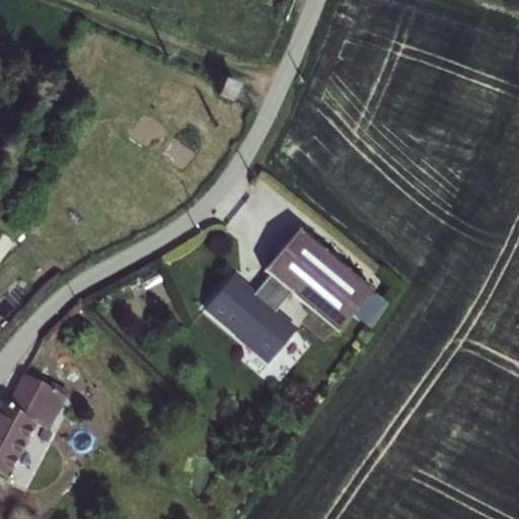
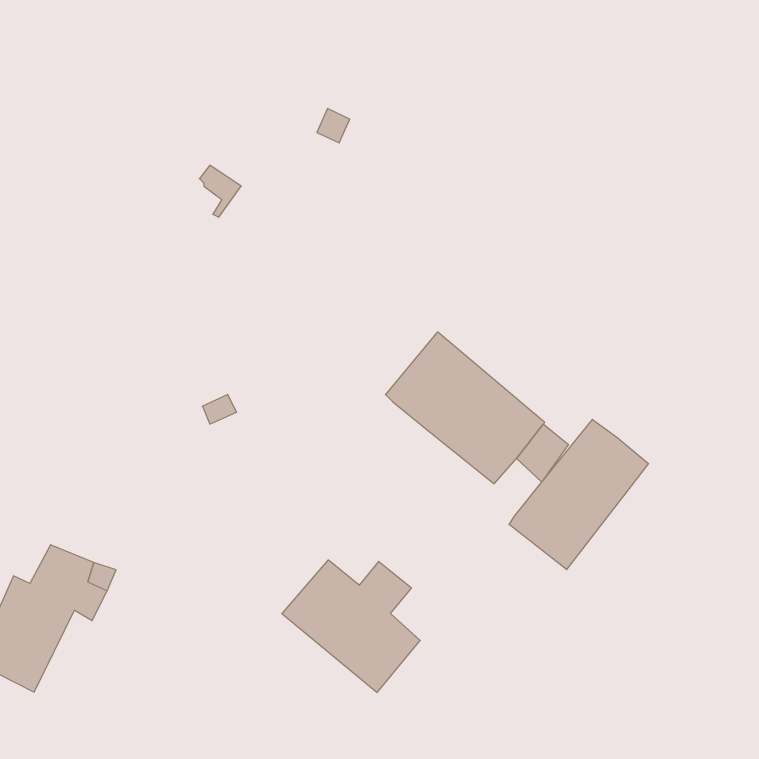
building: [202,273,296,363] -> [282,560,420,692]
building: none -> [509,419,648,570]

